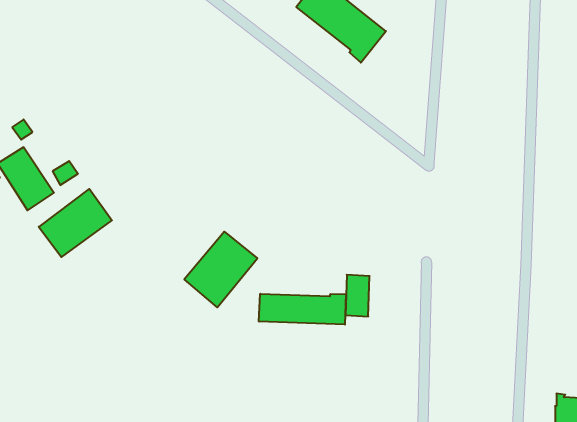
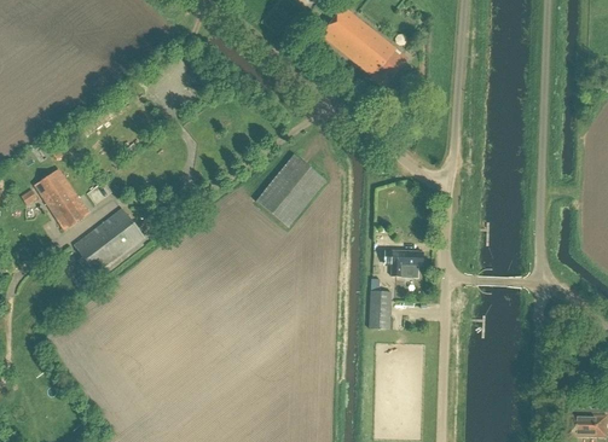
building: none -> [387,249,424,275]
building: [184,232,257,307] -> [255,155,325,227]
building: [259,294,346,325] -> none

